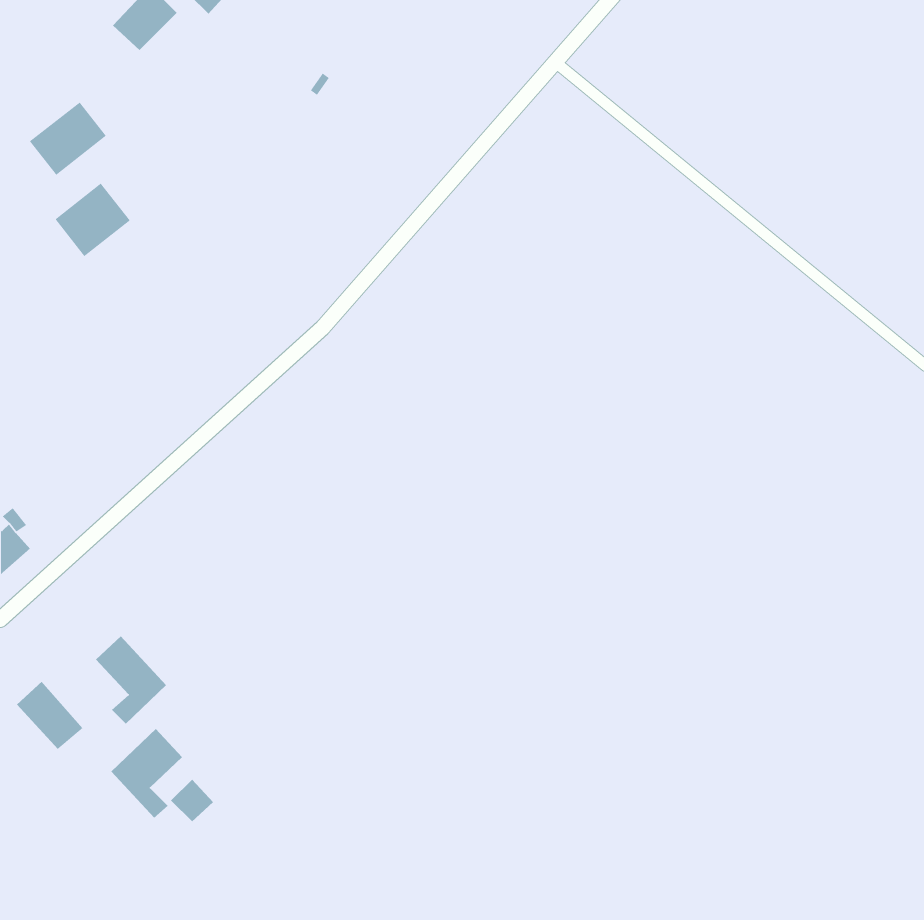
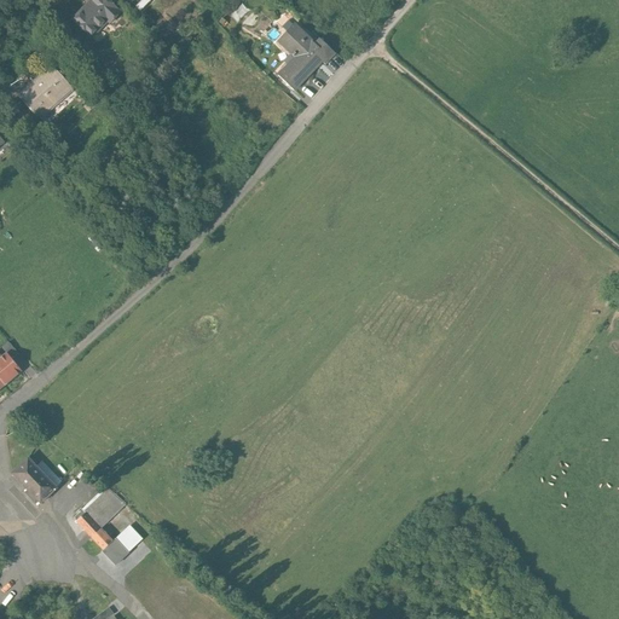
building: none -> [274,22,326,86]
building: [54,183,131,257] -> none
building: [95,635,167,724] -> none

